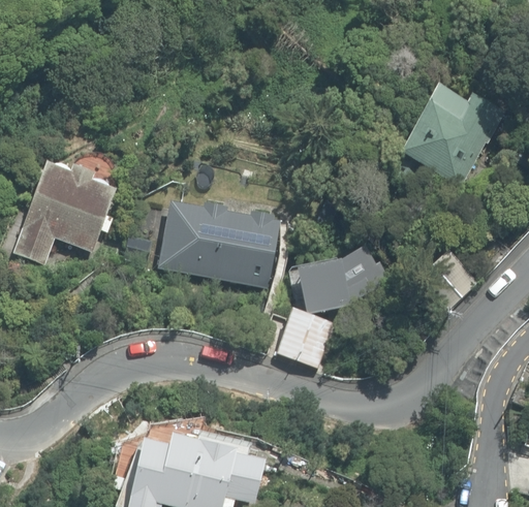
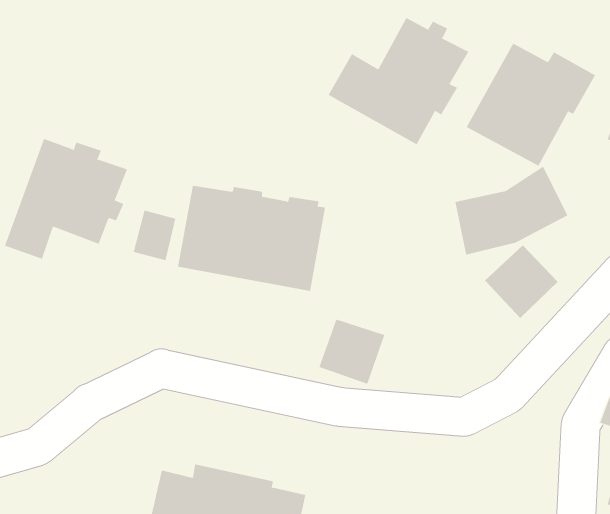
building: none -> [328,17,469,145]
building: [297,241,392,315] -> [454,166,568,255]

